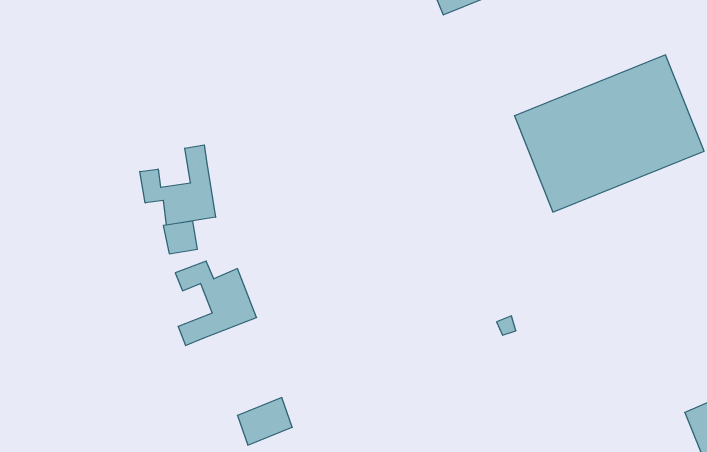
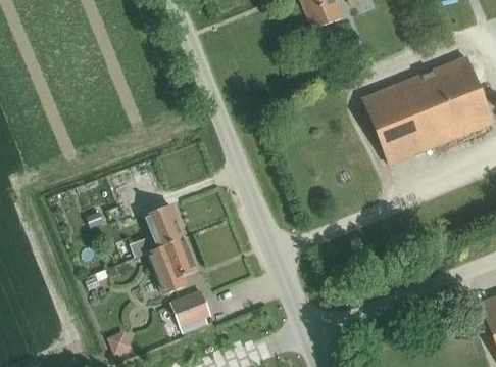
building: [140,145,216,225] -> none
building: none -> [148,237,198,294]

